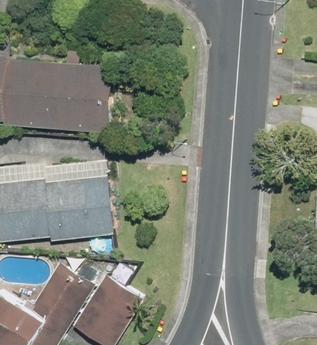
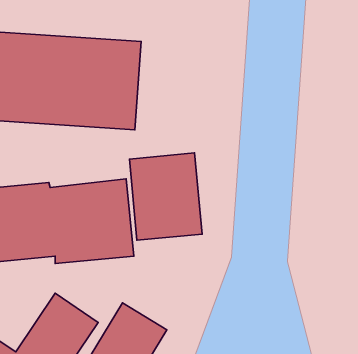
building: none -> [129,153,202,240]

